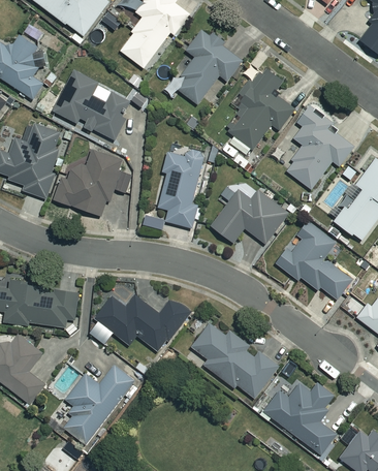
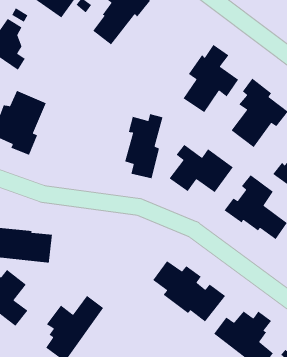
building: [165,27,242,104] -> none
building: [53,69,128,139] -> none
building: [54,150,131,216] -> none
building: [94,295,189,350] -> none

